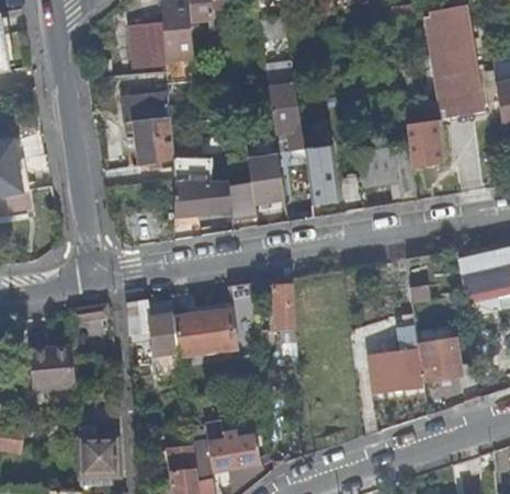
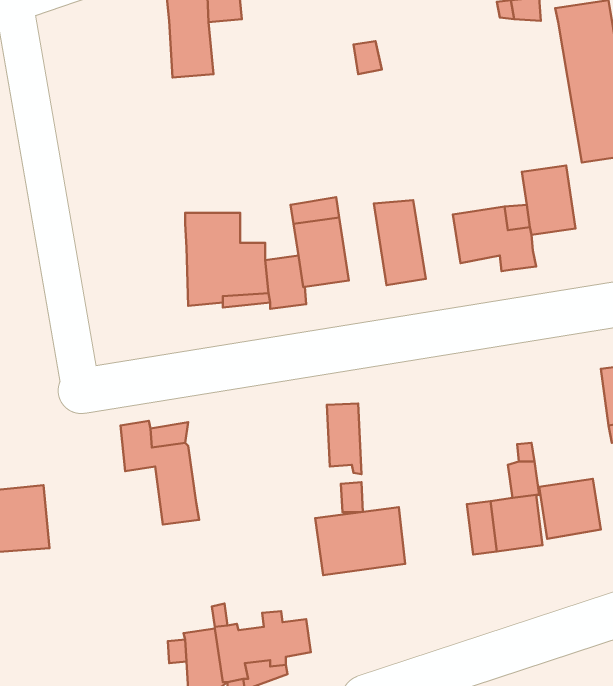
building: [127,20,165,67] -> none
building: [265,58,304,149] -> none
building: [121,91,172,164] -> none
building: [174,308,237,355] -> [315,507,405,575]
building: [81,435,120,473] -> none

